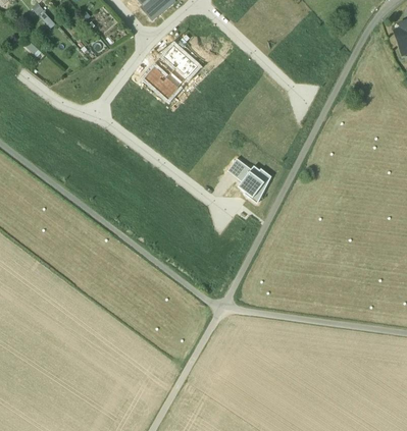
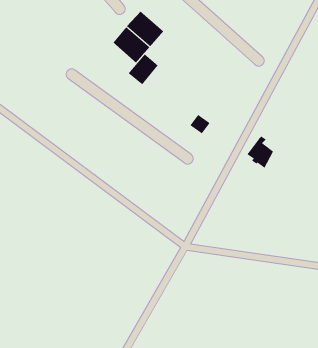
building: none -> [128,53,158,85]
building: [238,165,268,202] -> [247,136,274,169]

